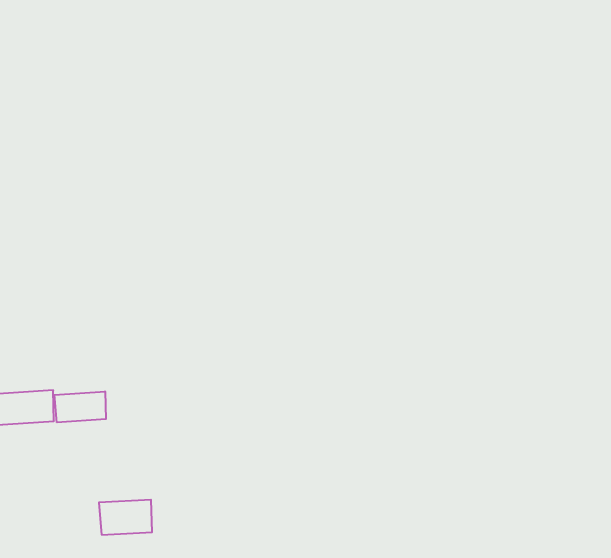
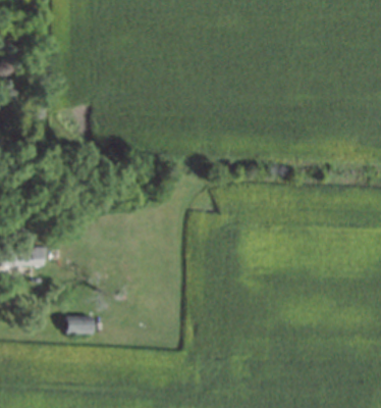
building: [54,391,106,422] -> none

